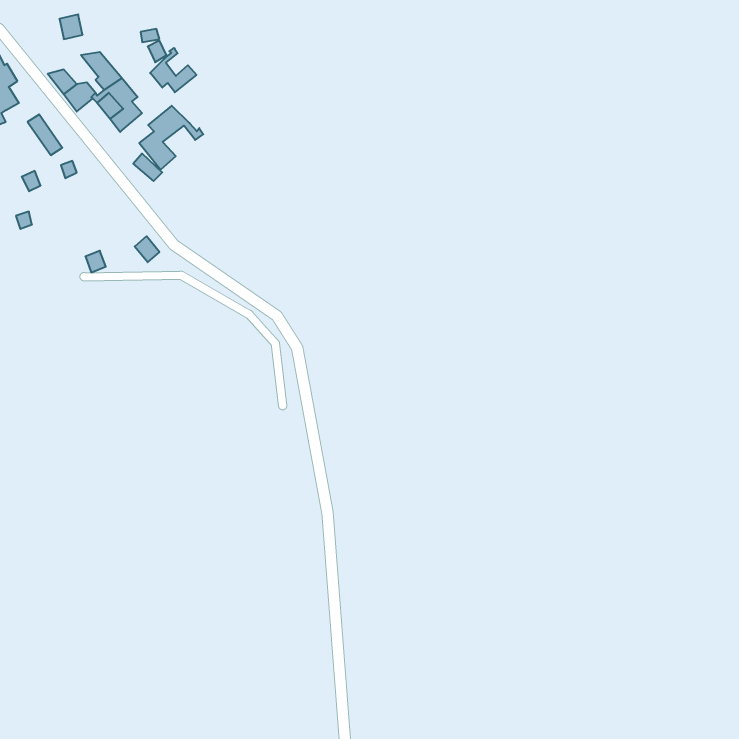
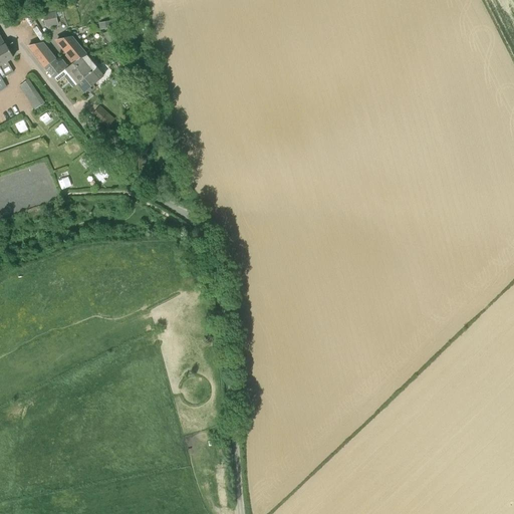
building: [150,48,196,92] -> none
building: [139,106,203,170] -> none

